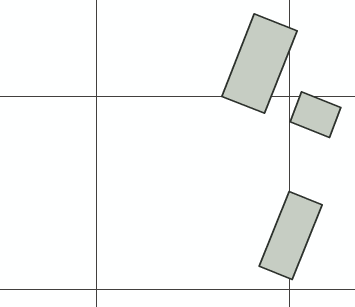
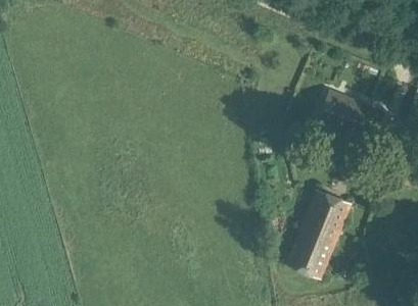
building: [222,14,297,113] -> none

